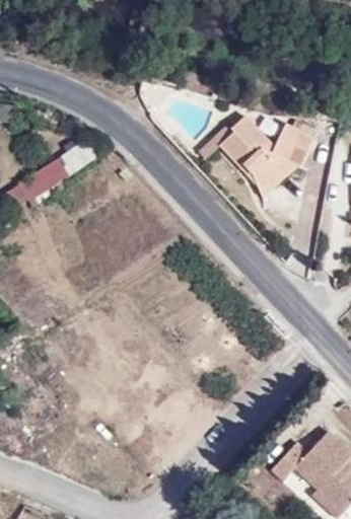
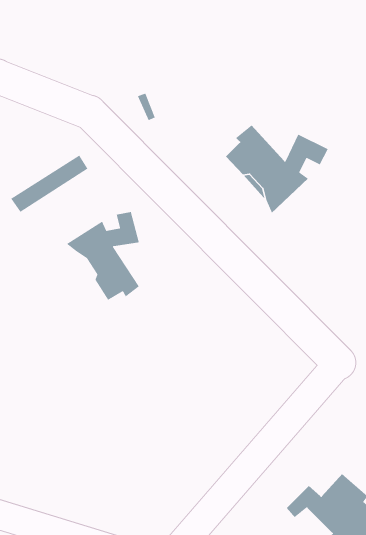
building: none -> [66,211,140,301]

